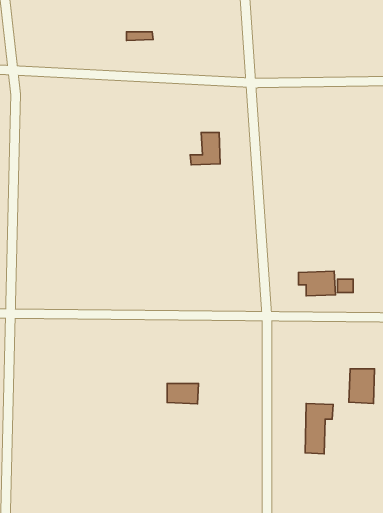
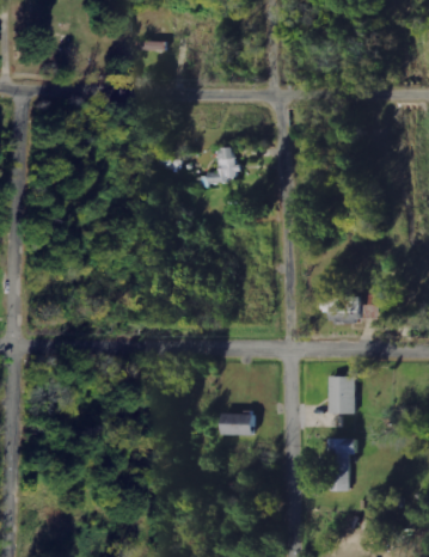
building: [349,369,375,403] -> [329,377,356,414]
building: [167,384,199,404] -> [221,414,255,435]

